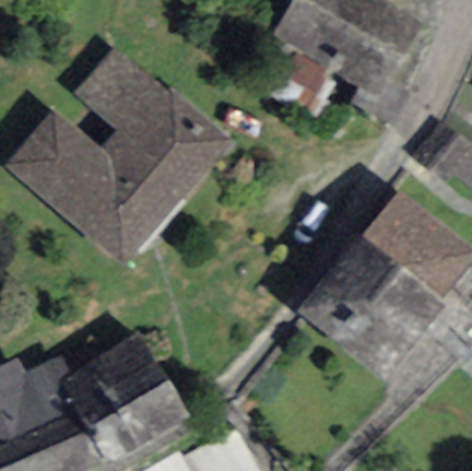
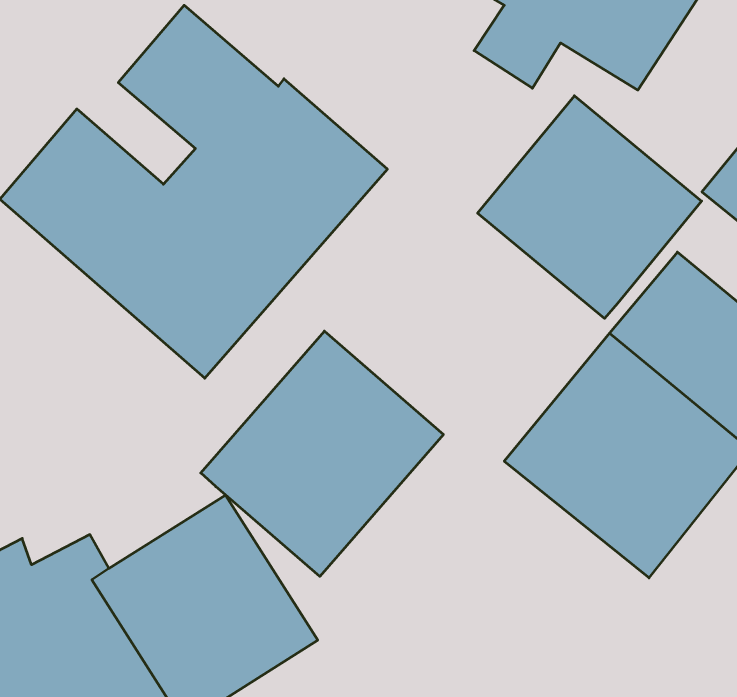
building: none -> [478,96,702,318]
building: none -> [201,331,443,576]

